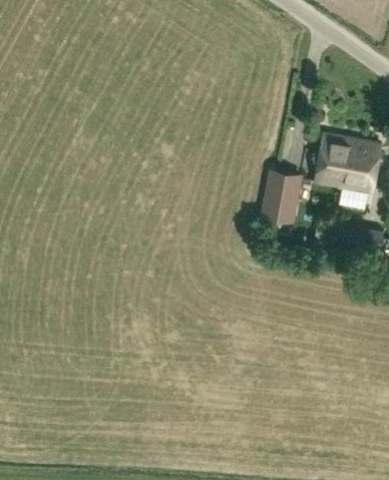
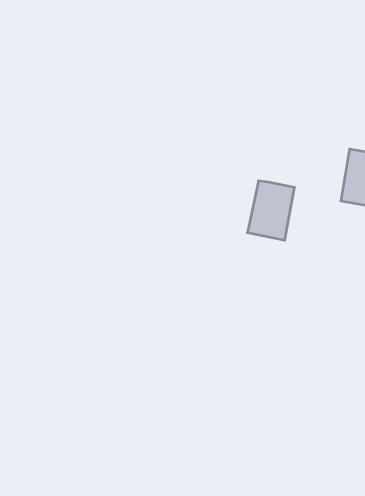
building: [315,135,352,187] -> none

